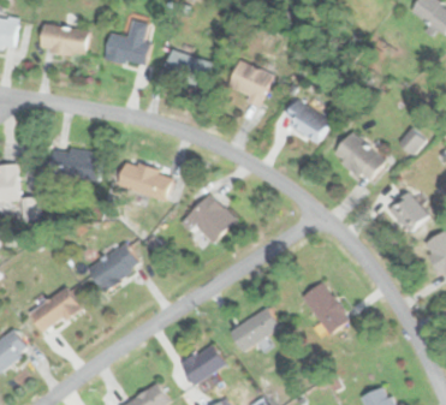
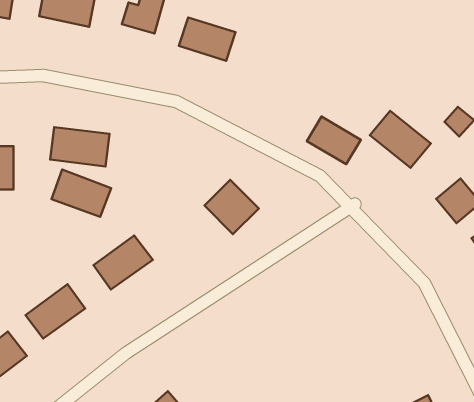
building: [228,60,273,106] -> none
building: [283,100,331,142] -> [307,117,361,164]
building: [121,160,174,202] -> [51,169,111,217]
building: [301,281,350,334] -> none
building: [230,308,279,351] -> none
building: [179,344,225,385] -> none

